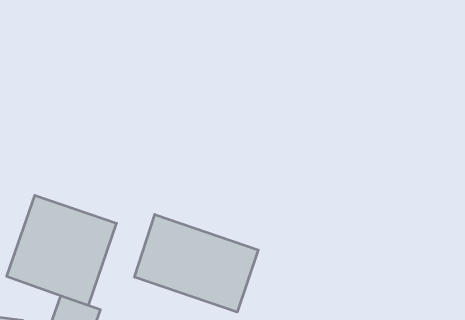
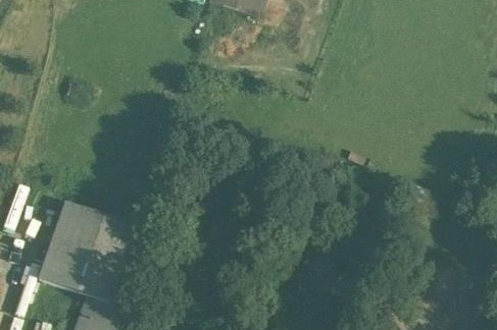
building: [135,214,258,312] -> none

